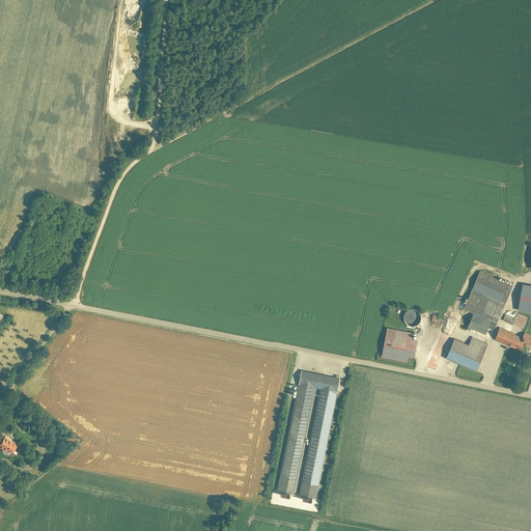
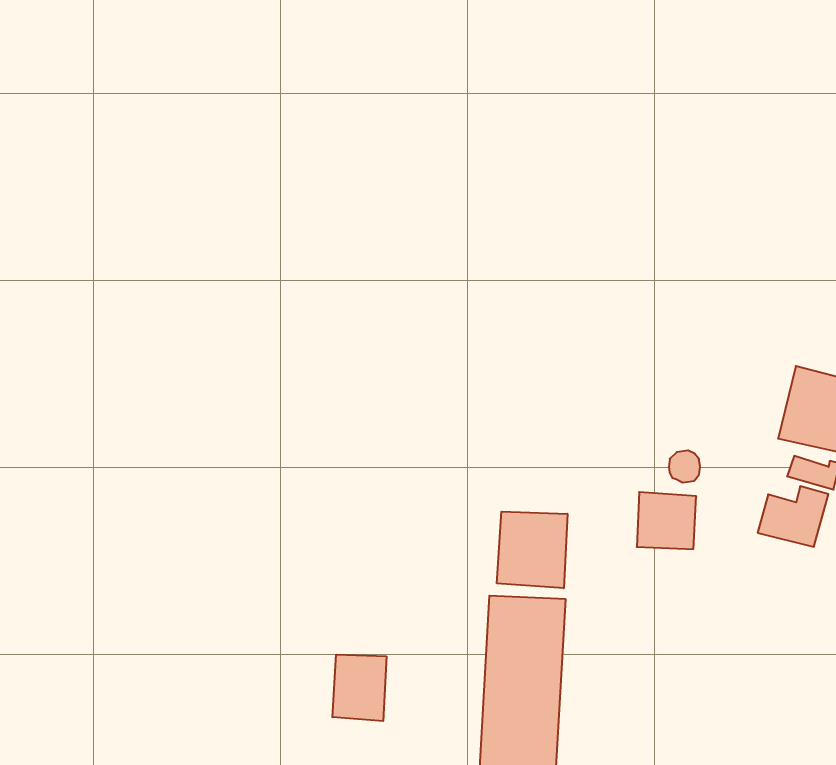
building: none -> [497,512,567,588]
building: none -> [332,655,386,721]

